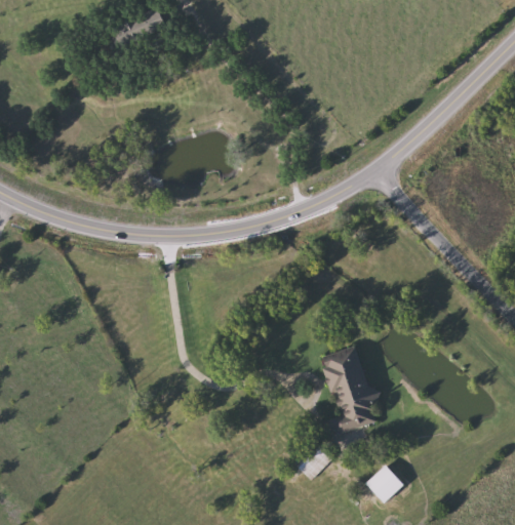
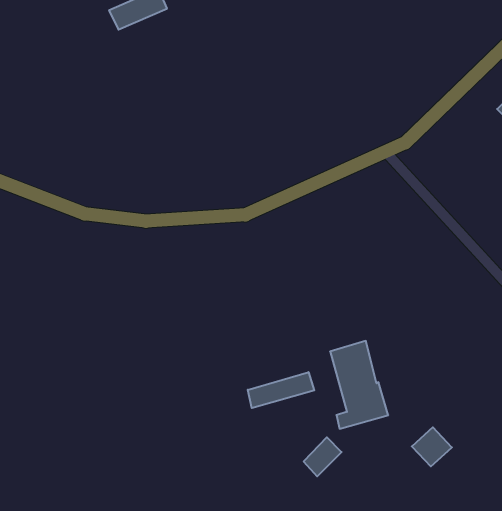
building: none -> [248,372,314,408]
building: [365,465,404,502] -> [412,427,452,466]

